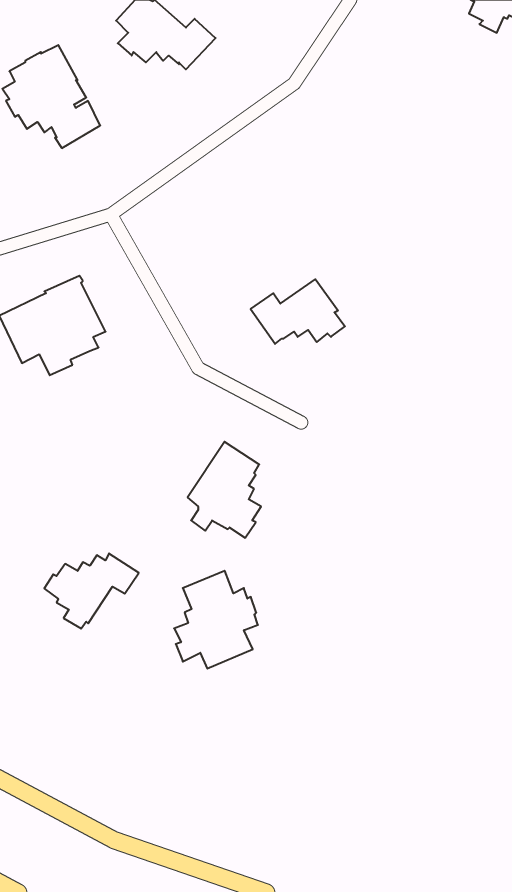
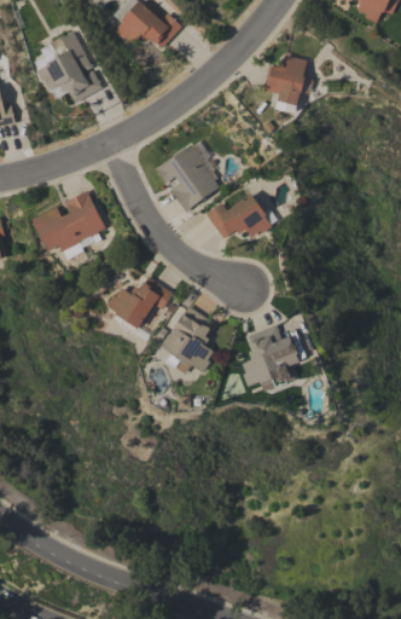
building: none -> [263,54,307,105]
building: none -> [156,146,219,212]
building: [44,553,139,629] -> [107,280,173,332]
building: [174,571,258,669] -> [242,324,300,392]

